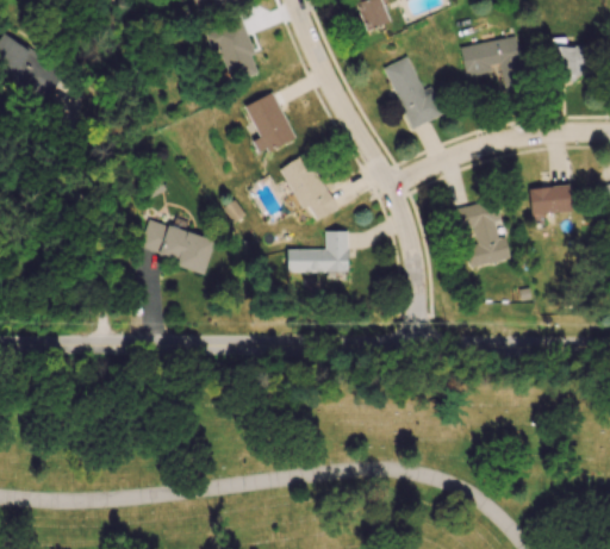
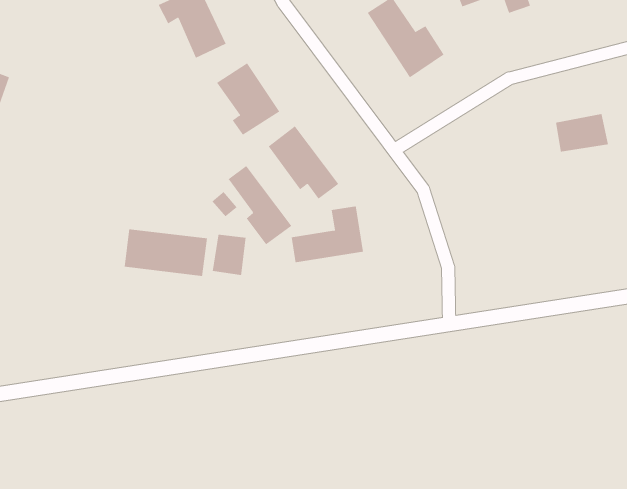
building: none -> [228,165,292,245]
building: [452,199,511,267] -> none
building: none -> [212,234,246,276]

